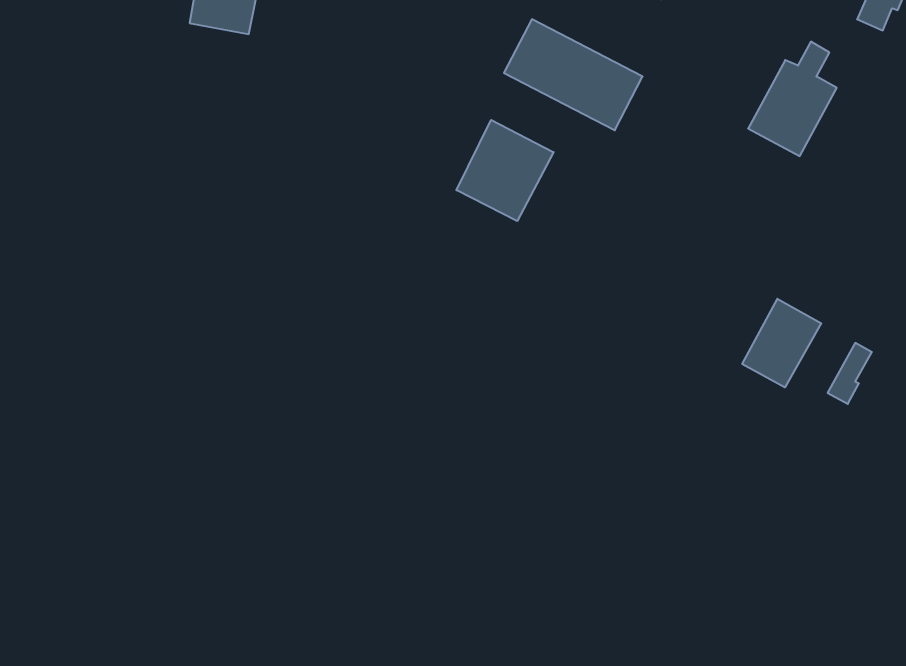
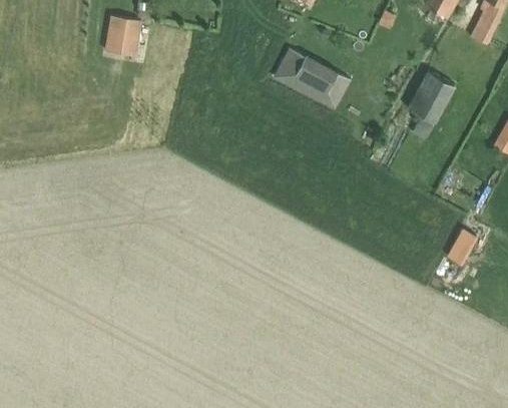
building: [456,120,554,221] -> none
building: [742,299,821,387] -> none

